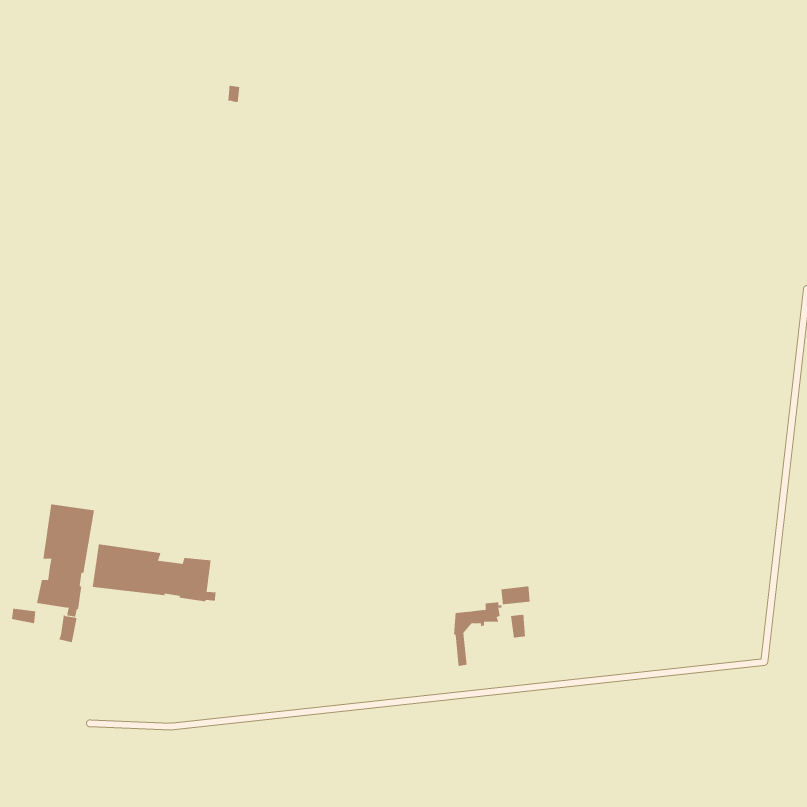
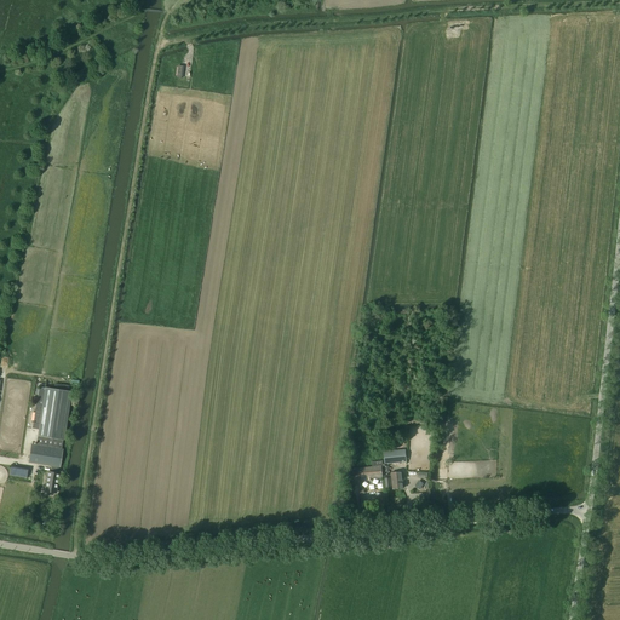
building: [92,544,216,602] -> none

